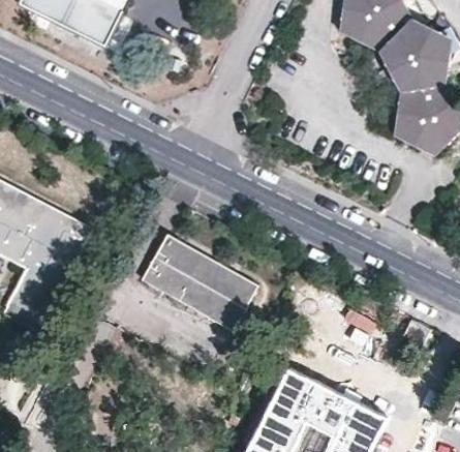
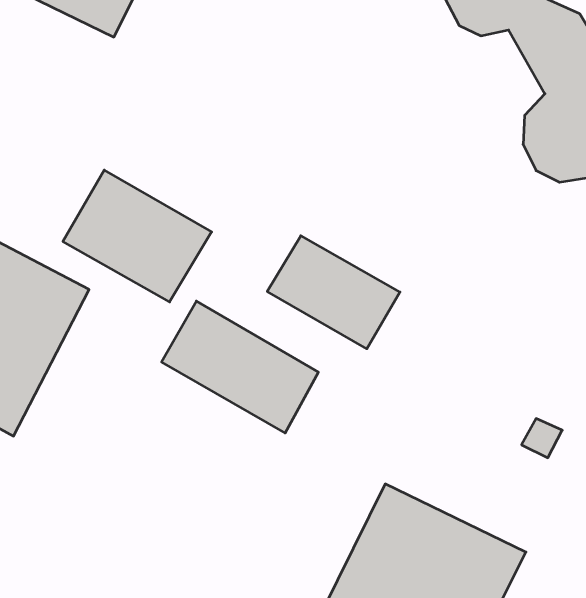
building: none -> [63,170,212,302]
building: none -> [267,236,400,349]

